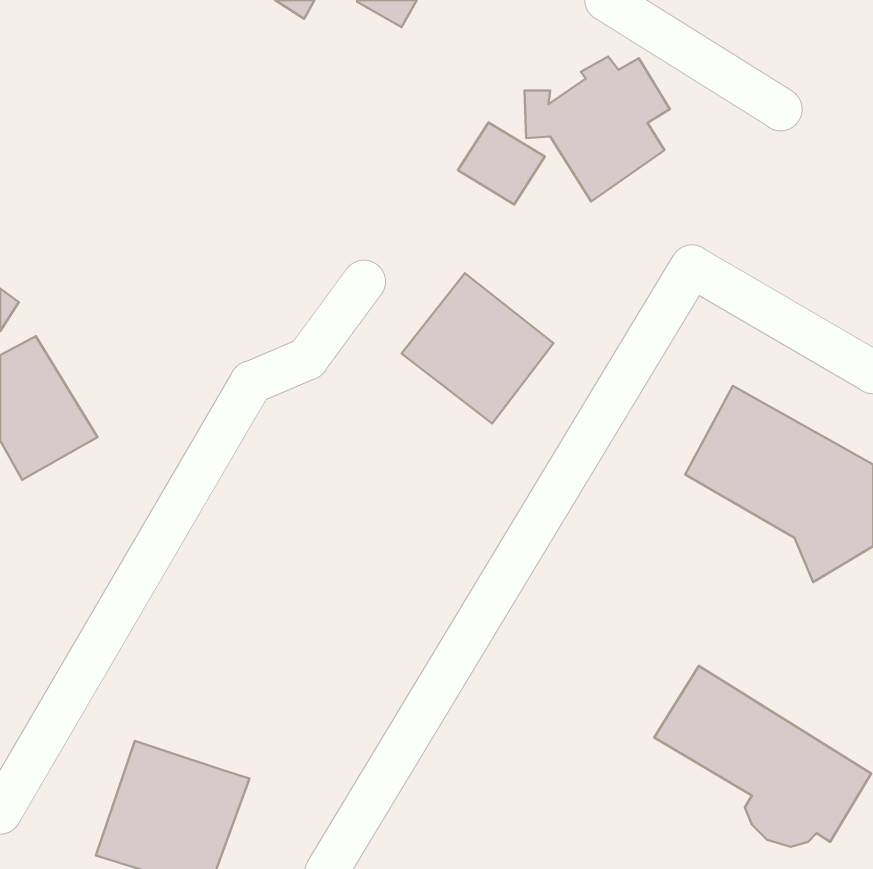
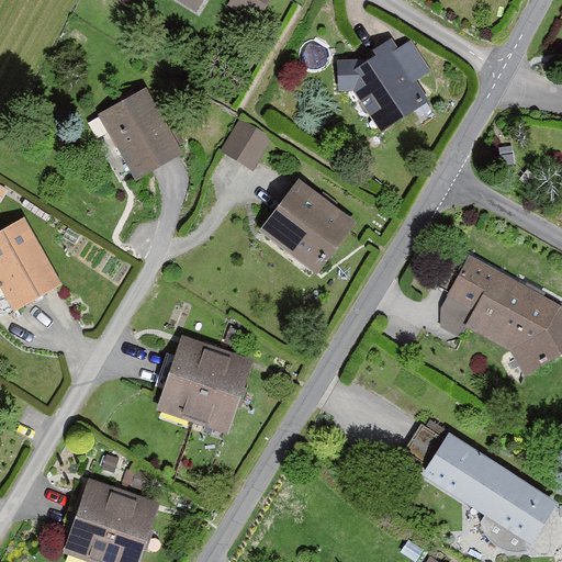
building: [458,122,545,204] -> [223,124,279,177]
building: none -> [95,87,182,179]
building: none -> [155,334,254,435]

